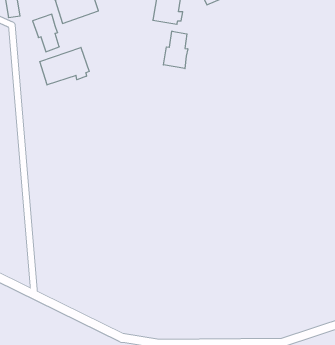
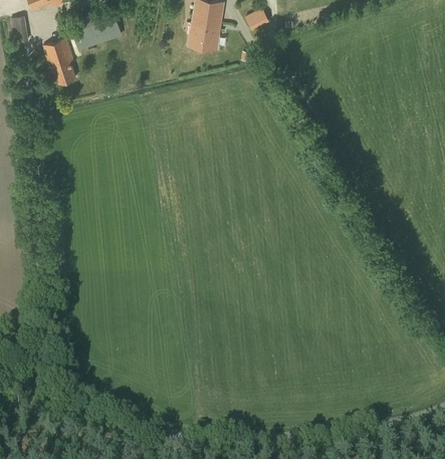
building: [163,31,188,69] -> none
building: [40,47,89,85] -> none

